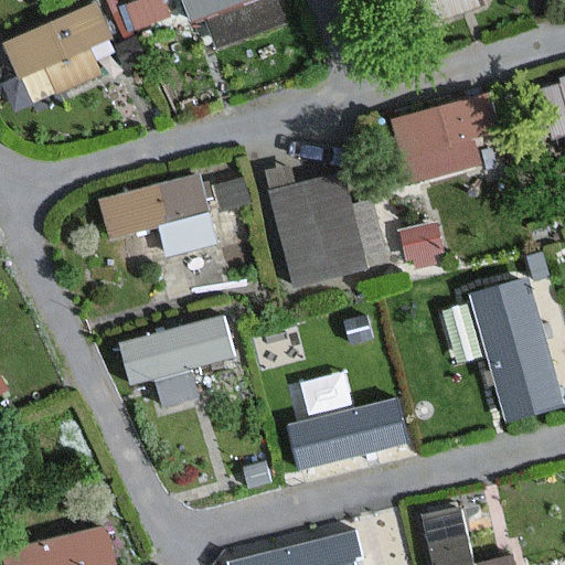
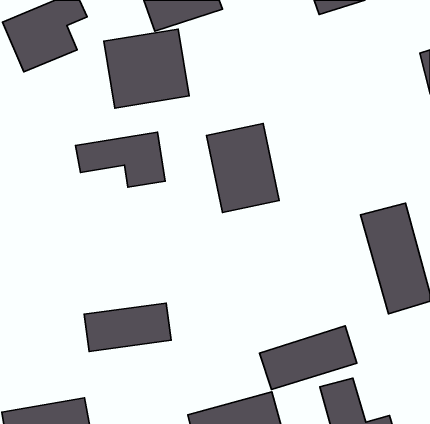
building: none -> [104,29,189,108]
building: [388,97,488,186] -> none
building: [120,320,234,383] -> [84,303,171,351]
building: [285,392,412,475] -> [260,326,357,389]

